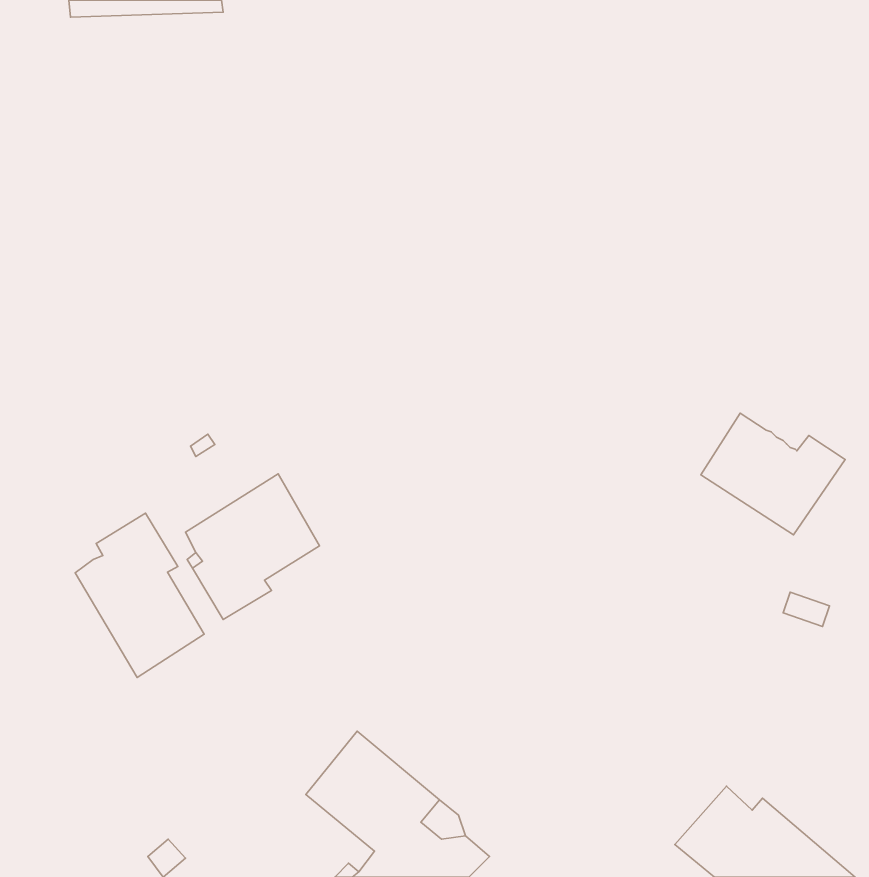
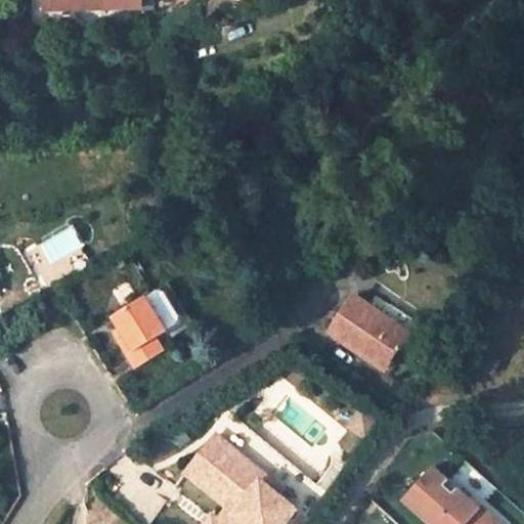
building: [701,413,845,535] -> [326,297,412,369]
building: [75,513,204,678] -> none

